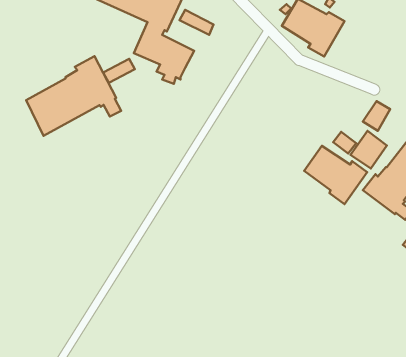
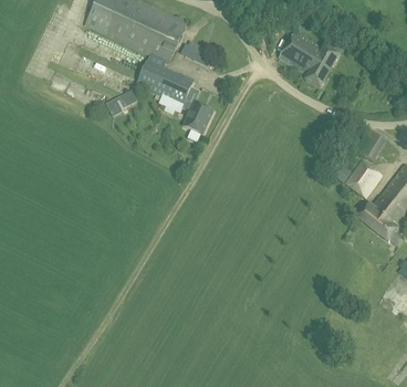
building: [26,56,121,136] -> none
building: none -> [180,98,213,136]
building: [304,146,367,204] -> none

